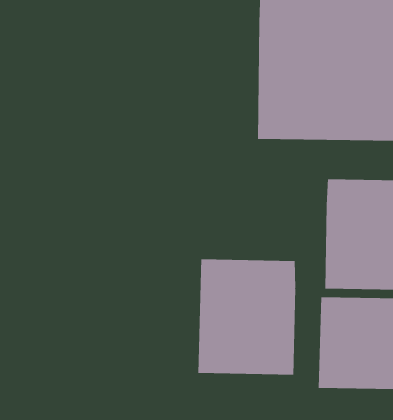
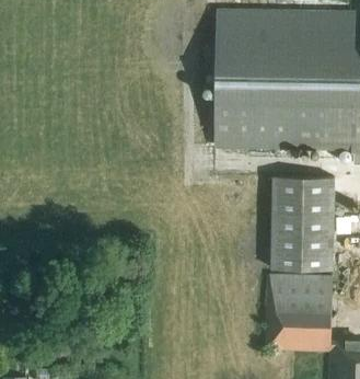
building: [198,259,296,375] -> none

